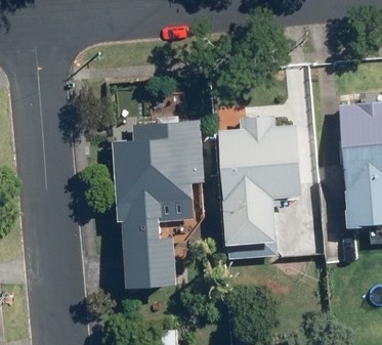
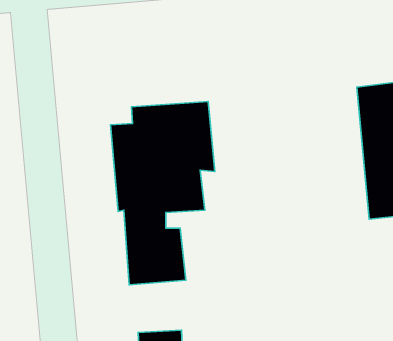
building: [212,117,300,249] -> none

